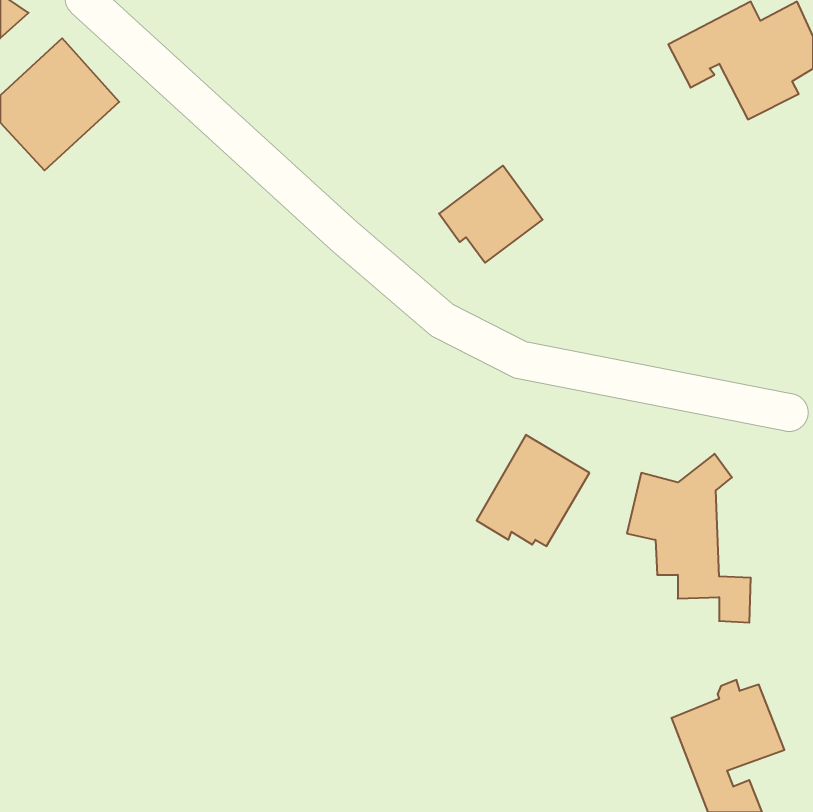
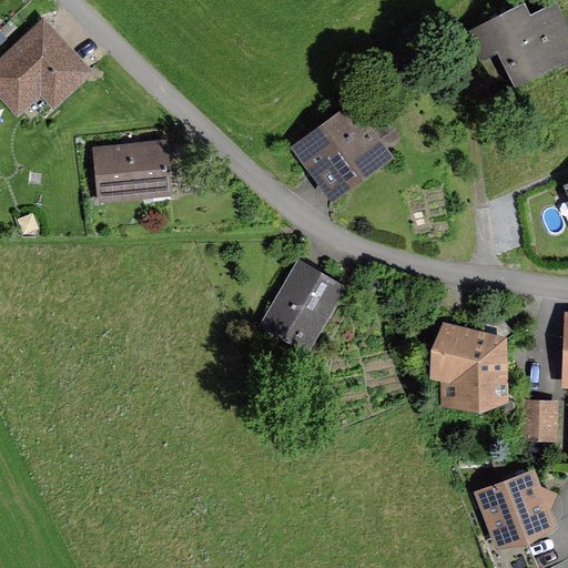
building: none -> [94,142,170,192]
building: [477,435,589,546] -> [264,261,343,338]
building: none -> [523,403,556,435]

